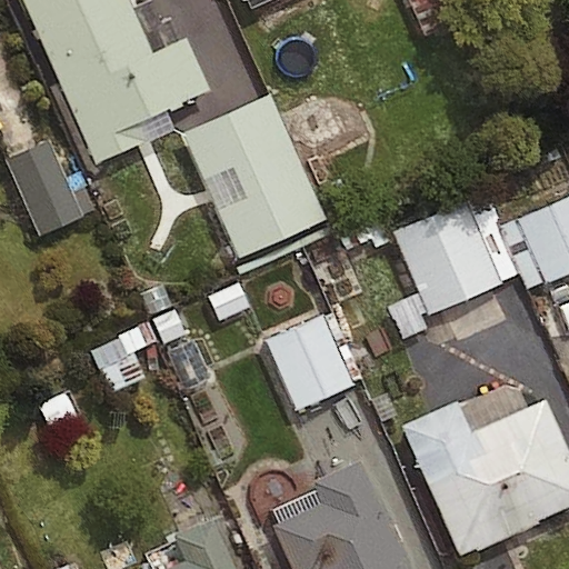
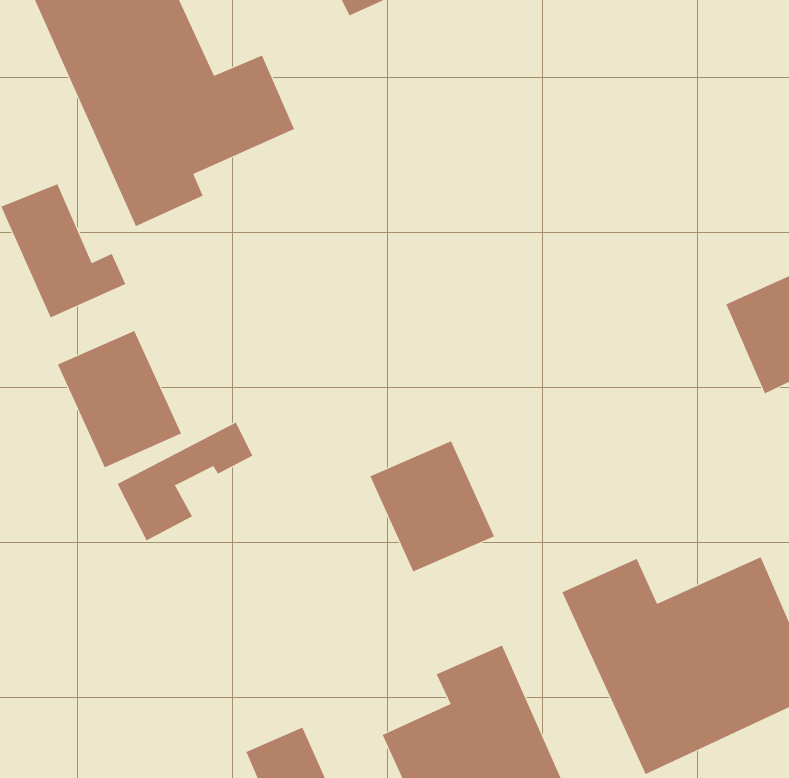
building: [178,89,317,250] -> none
building: [392,192,522,317] -> none
building: none -> [57,330,182,468]

